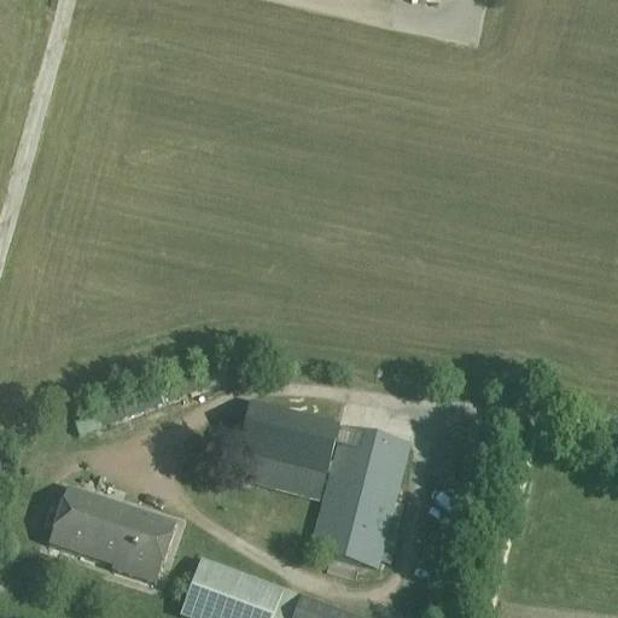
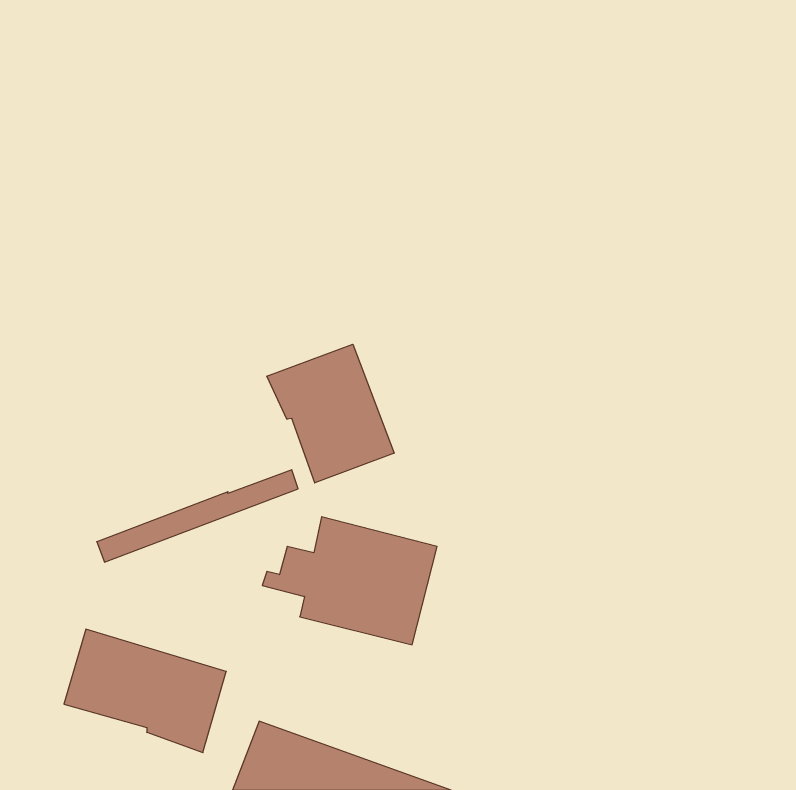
building: none -> [267,344,394,483]
building: [311,424,409,565] -> none

